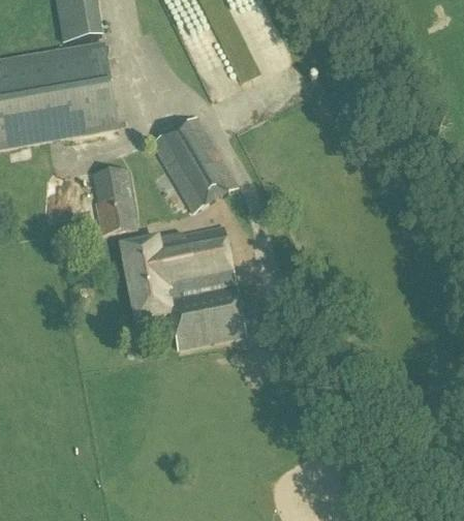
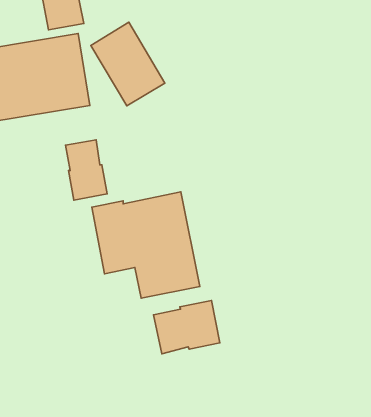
building: [150,115,235,211] -> [91,22,165,106]
building: none -> [154,300,220,354]

